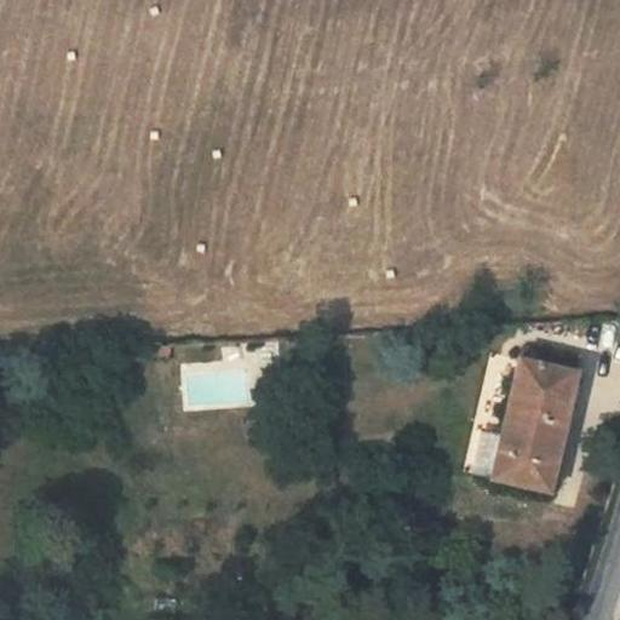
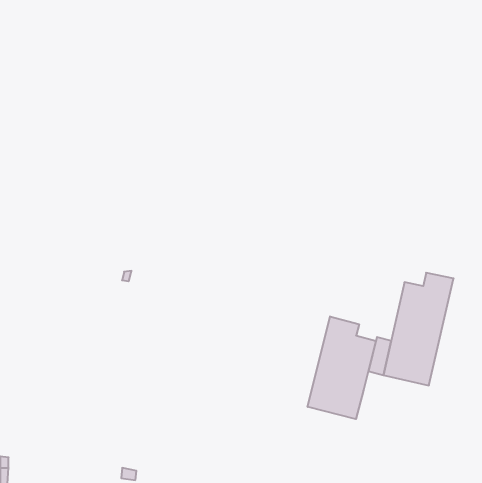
building: none -> [308,316,376,419]

